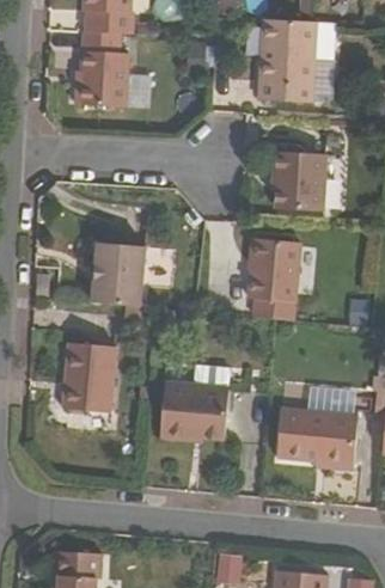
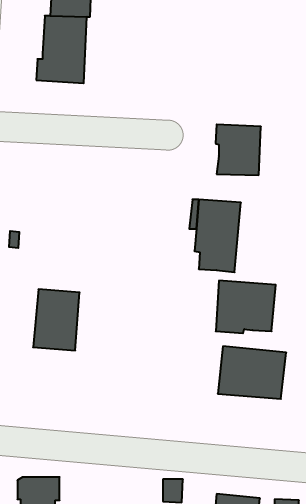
building: [259,18,317,103] -> none
building: [93,243,146,307] -> none
building: [159,381,227,441] -> [216,281,276,333]

